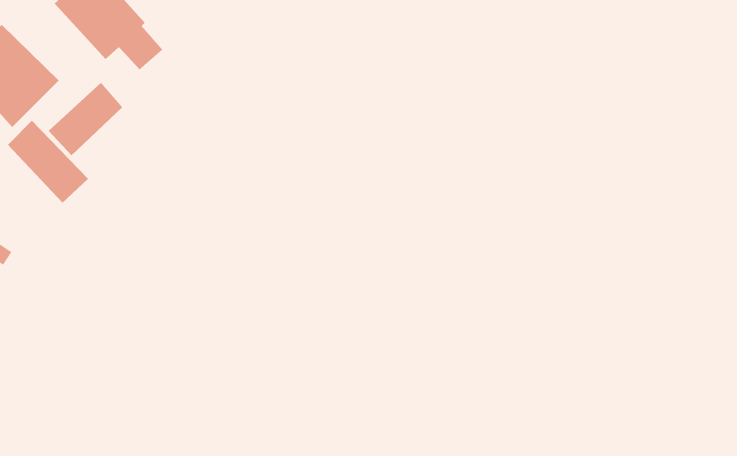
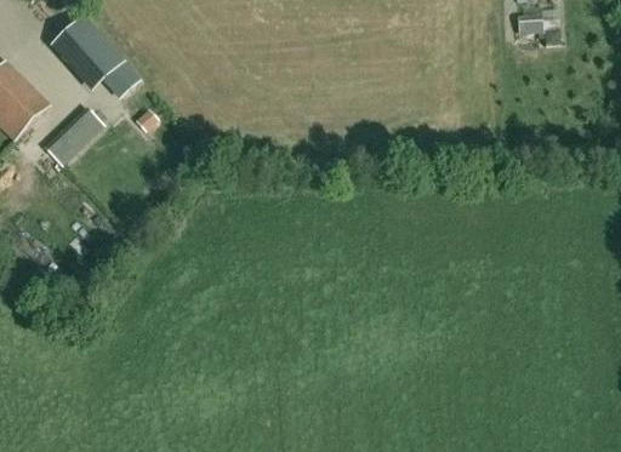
building: [7,120,89,204] -> none

